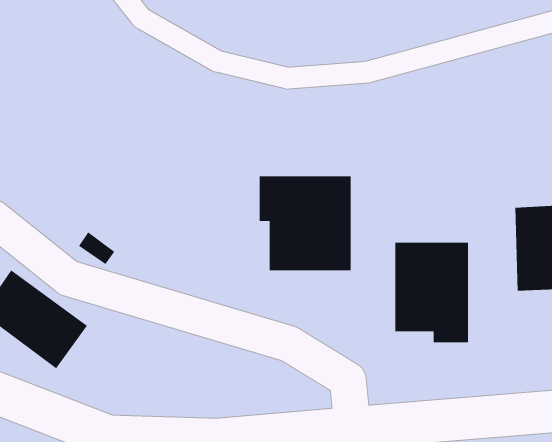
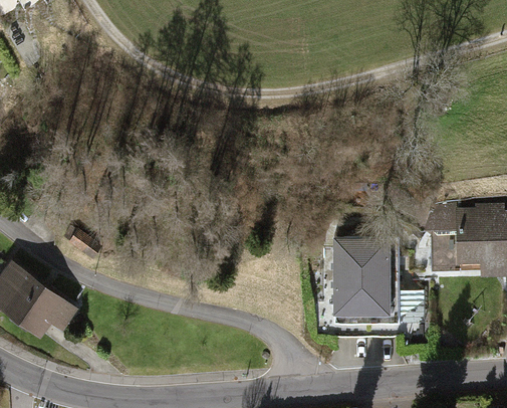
building: [259,176,351,271] -> none

